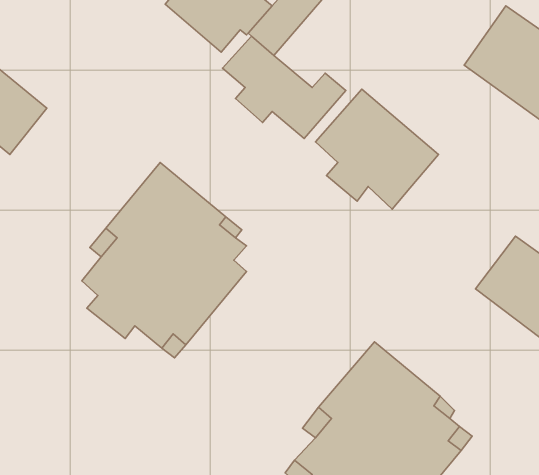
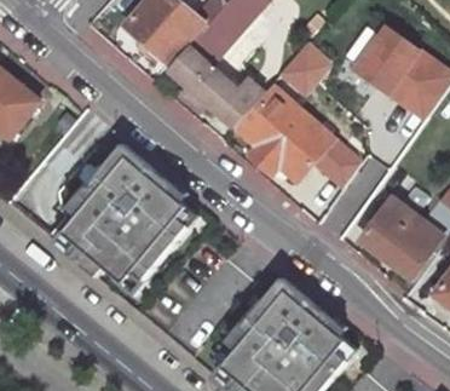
building: none -> [278,41,333,96]
building: none -> [312,137,360,188]

